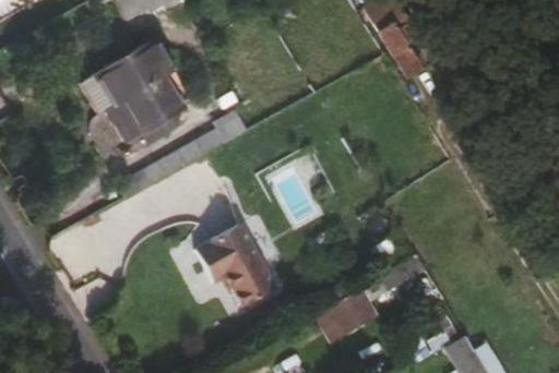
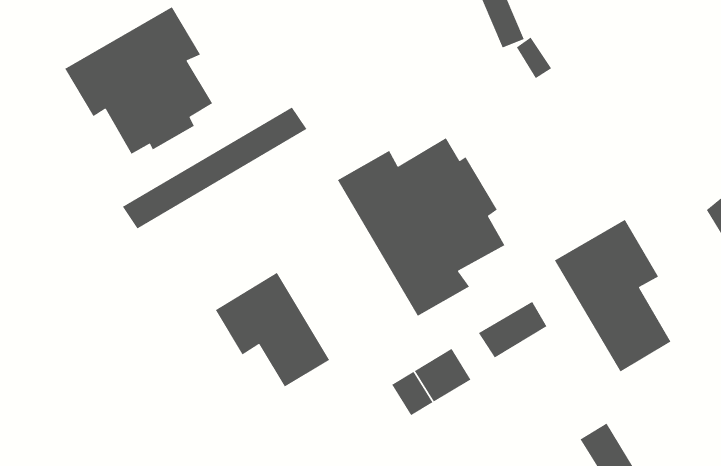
building: none -> [337,137,506,317]
building: none -> [554,219,672,372]

